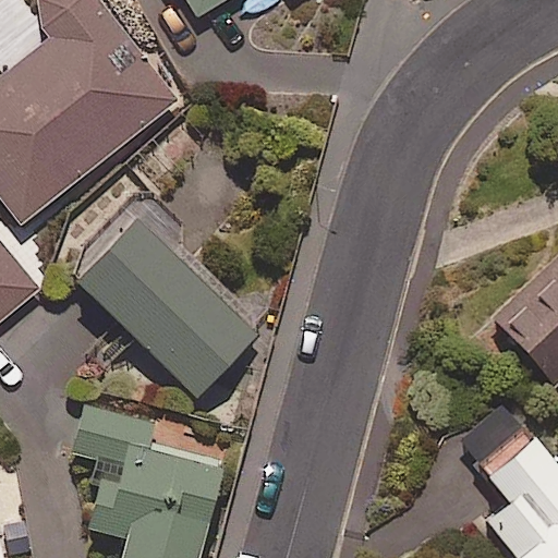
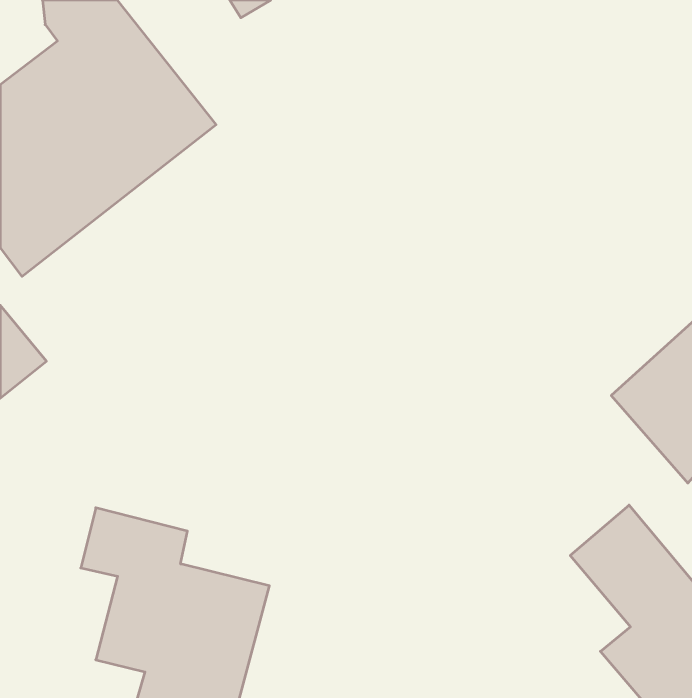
building: [71,202,268,397] -> none

